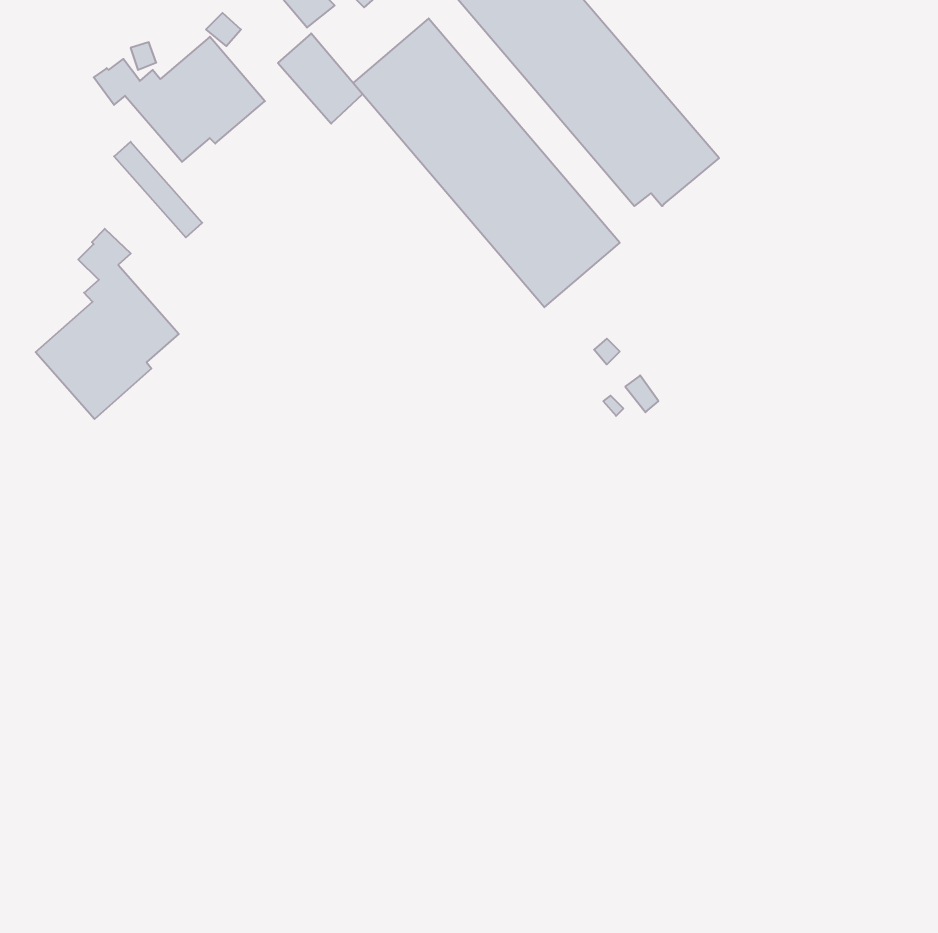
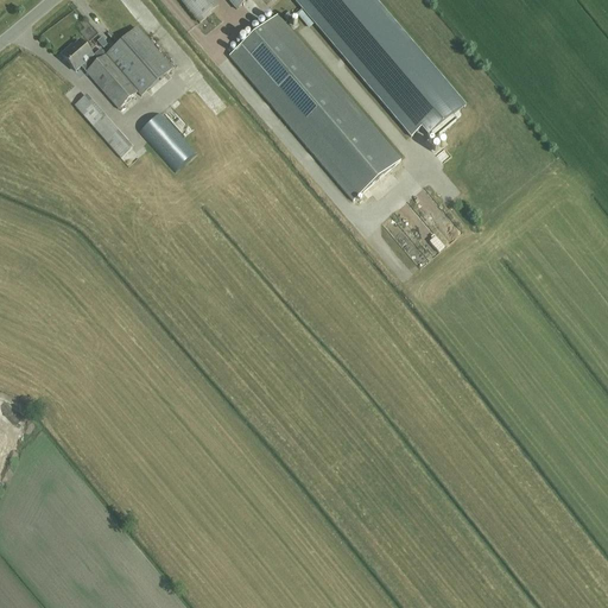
building: [278,33,363,124] -> [139,110,194,169]
building: [36,229,179,419] -> none

